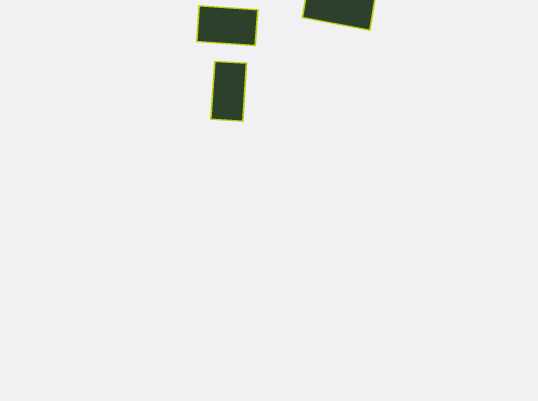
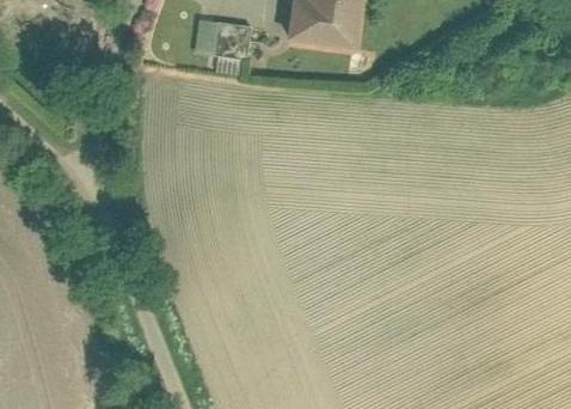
building: [211,61,247,121] -> none

